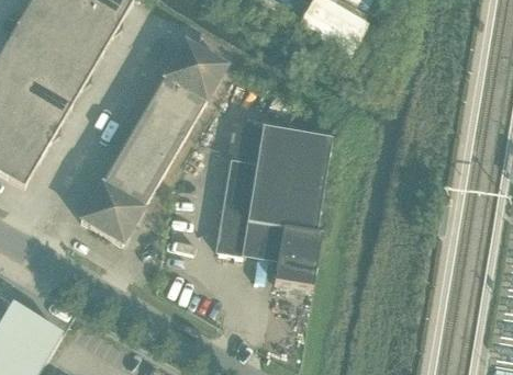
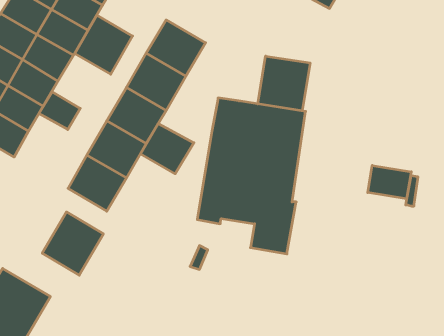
building: none -> [75,15,133,74]
building: none -> [258,56,310,111]
building: none -> [39,92,80,130]
building: none -> [141,123,194,174]
building: none -> [368,165,411,199]
building: none -> [42,212,103,275]

